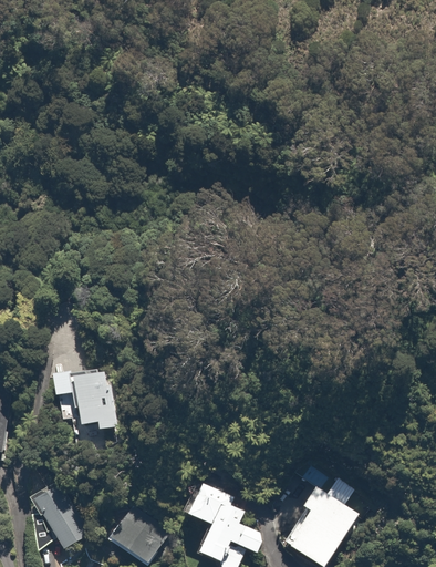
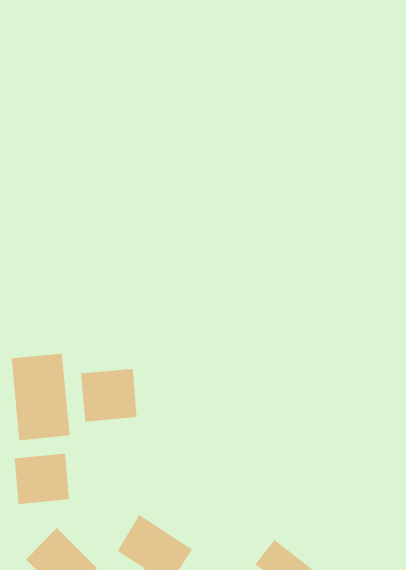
building: none -> [80,368,137,423]
building: none -> [14,453,69,505]

